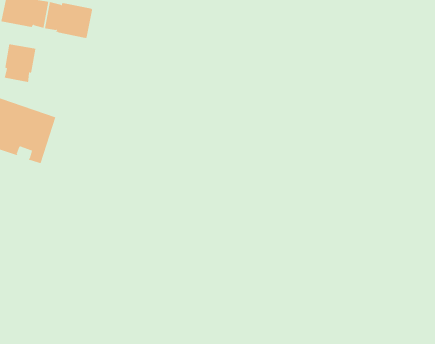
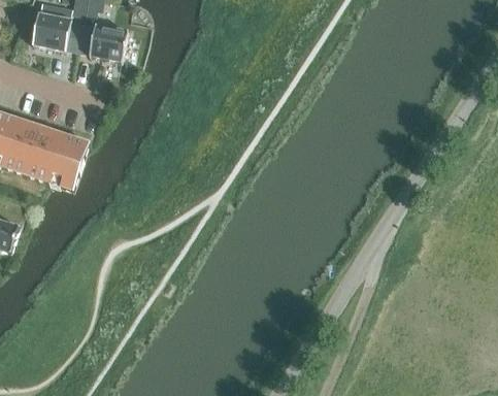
building: [4,43,37,83] -> none

